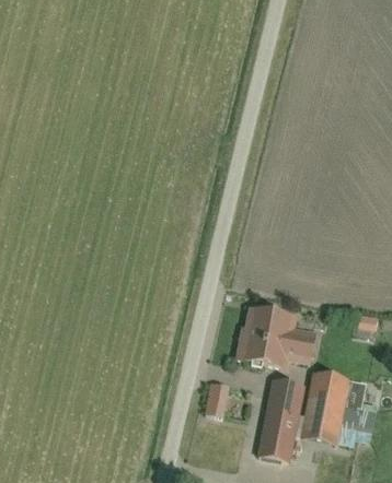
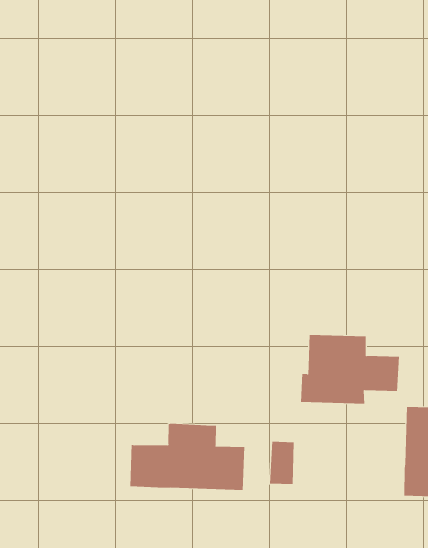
building: none -> [130,423,245,491]
building: [260,377,304,459] -> none

